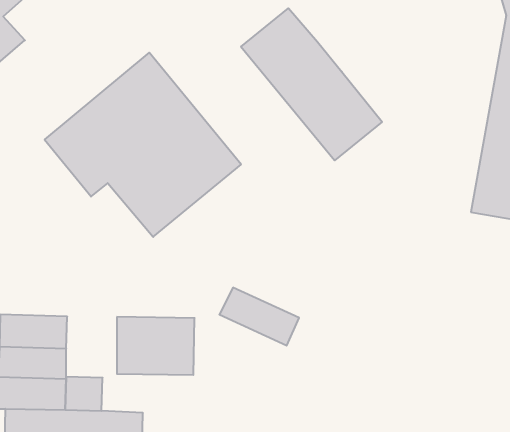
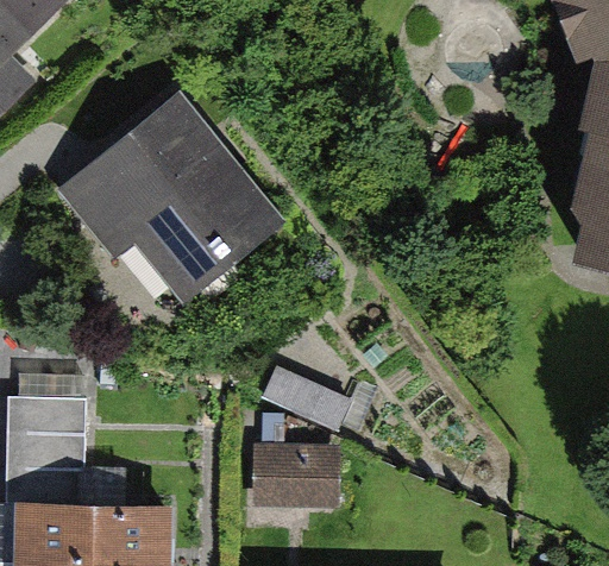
building: [241,8,382,160] -> none
building: [117,317,195,375] -> [252,442,341,509]

